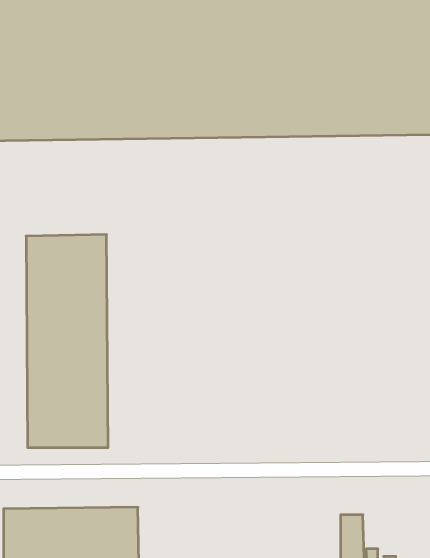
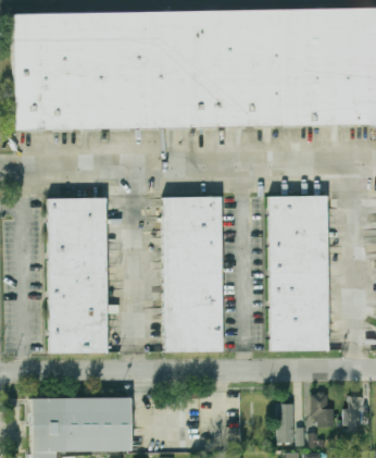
building: none -> [267,196,328,352]
building: none -> [164,197,222,352]
building: none -> [309,393,333,426]

